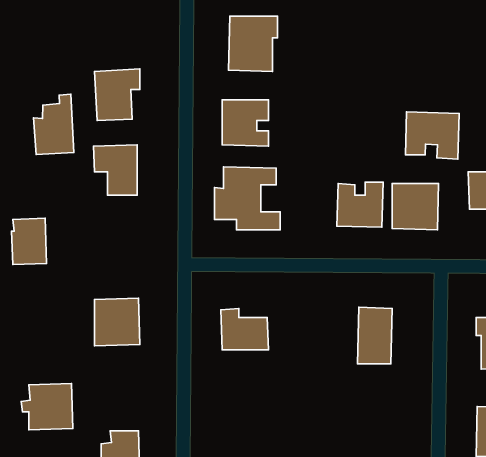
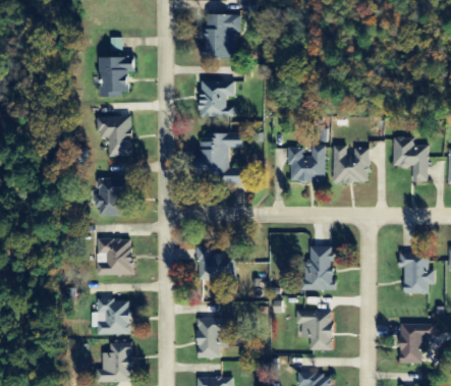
building: [34,94,74,154] -> none
building: [405,112,459,159] -> none
building: [12,218,46,265] -> [96,178,123,215]
building: [21,383,73,430] -> [92,298,132,335]
building: none -> [296,310,333,349]
building: none -> [196,318,230,357]

